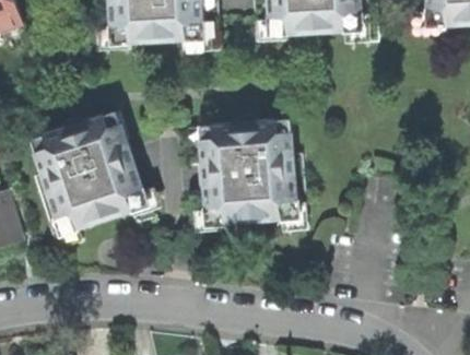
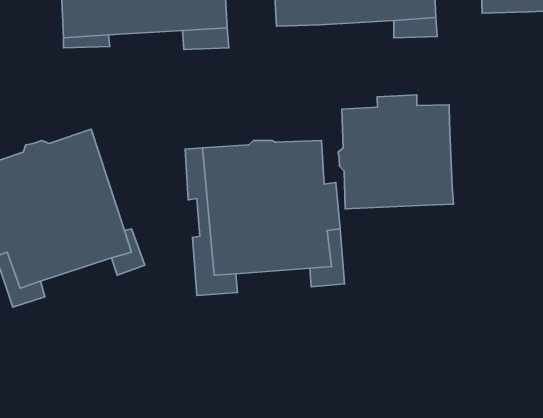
building: none -> [338,95,454,209]

